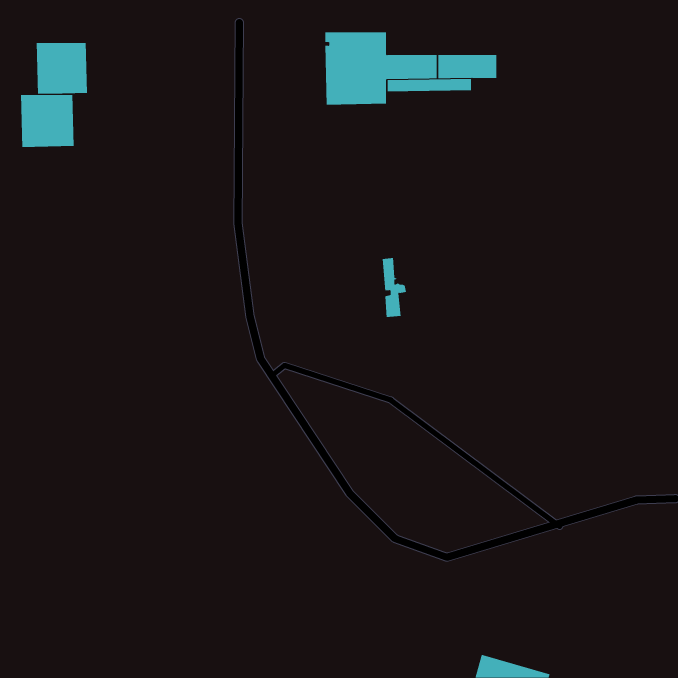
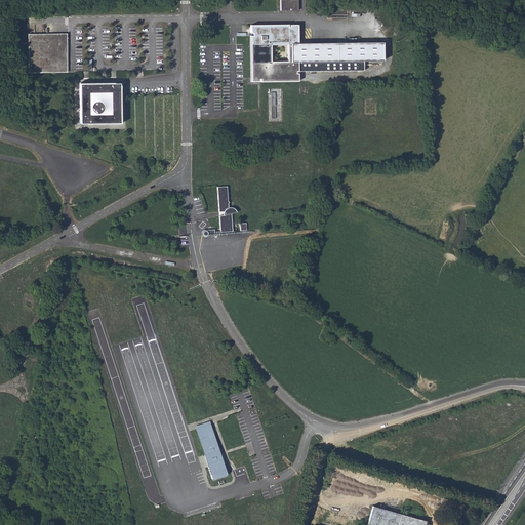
building: [20,94,75,148] -> [80,83,122,124]
building: [382,258,407,317] -> [218,186,238,232]
building: none -> [195,422,227,479]

